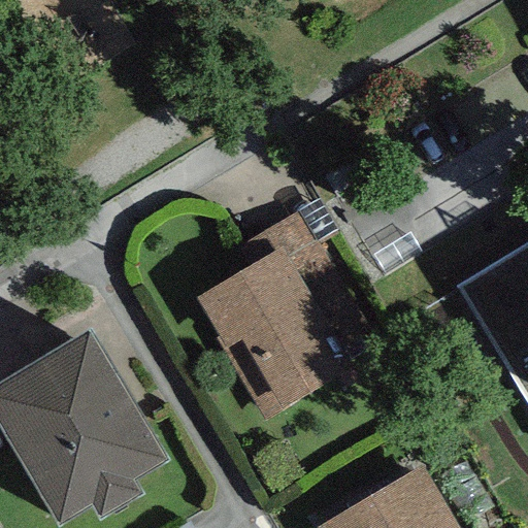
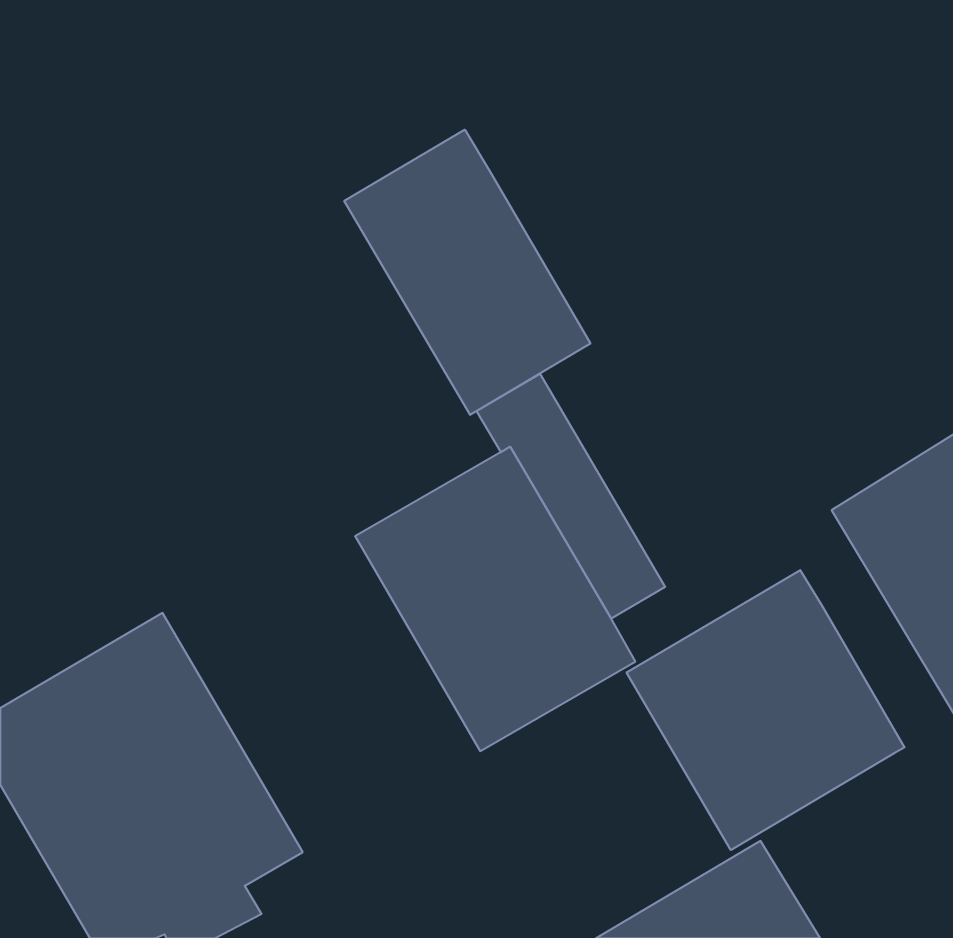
building: none -> [344,130,590,415]
building: none -> [627,570,905,850]

